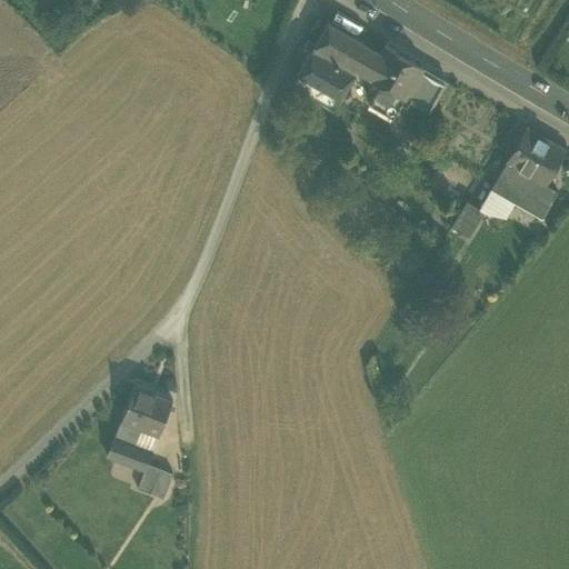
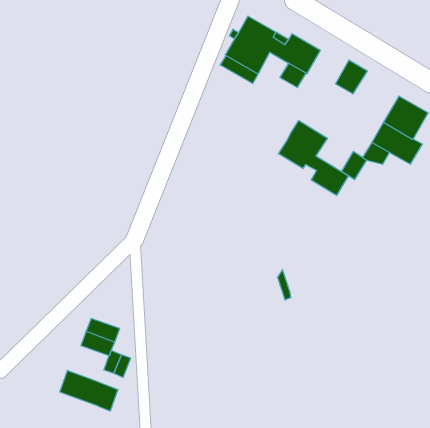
building: [406,70,448,114] -> [335,60,367,94]
building: none -> [279,121,349,195]
building: [121,388,172,437] -> none
building: none -> [60,370,118,411]

